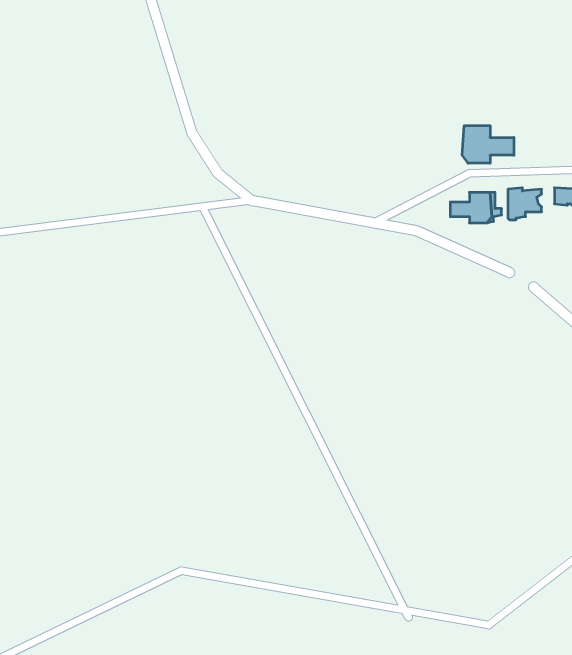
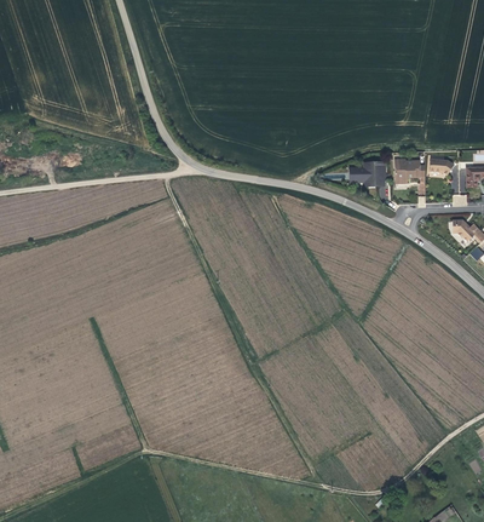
building: [462,126,514,163] -> none

